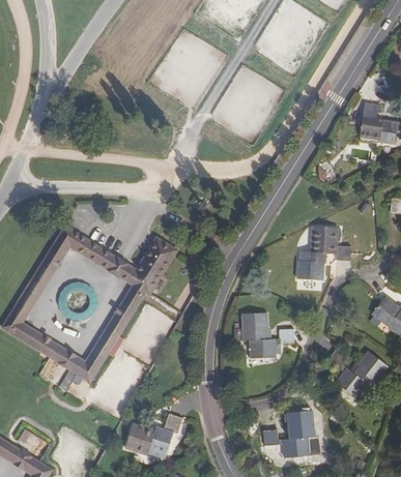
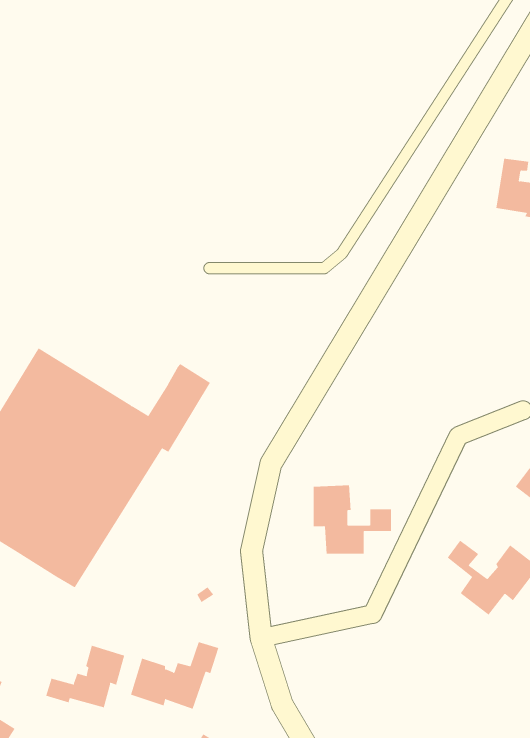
building: [296,227,349,280] -> none
building: [263,411,313,457] -> none
building: none -> [45,645,125,708]

